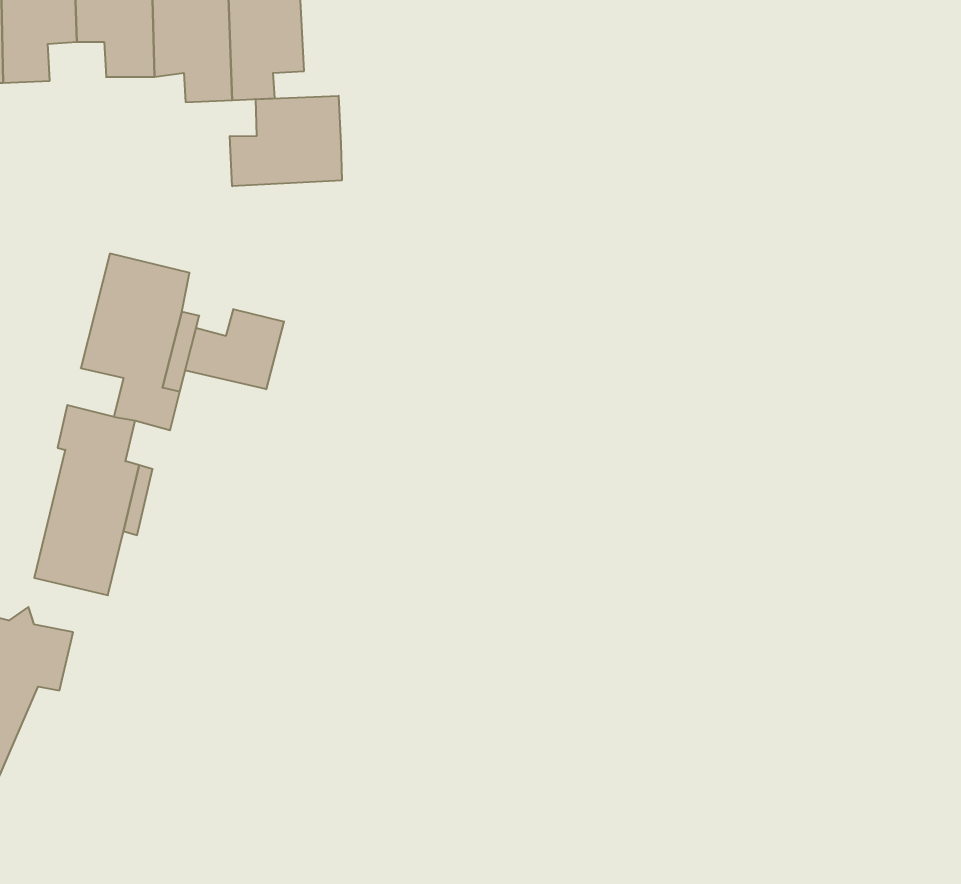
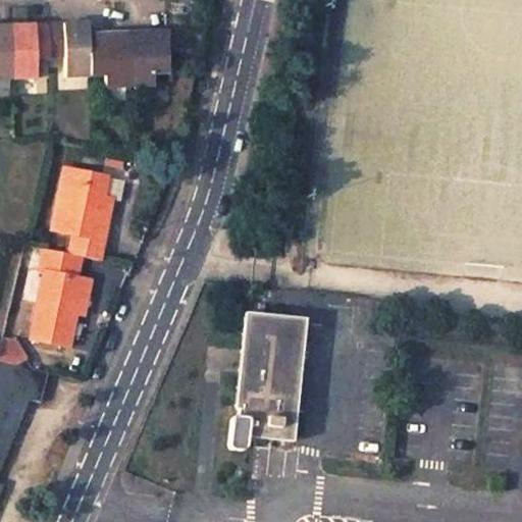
building: [230,96,342,186] -> none
building: [185,309,284,389] -> none
building: none -> [229,308,309,448]

